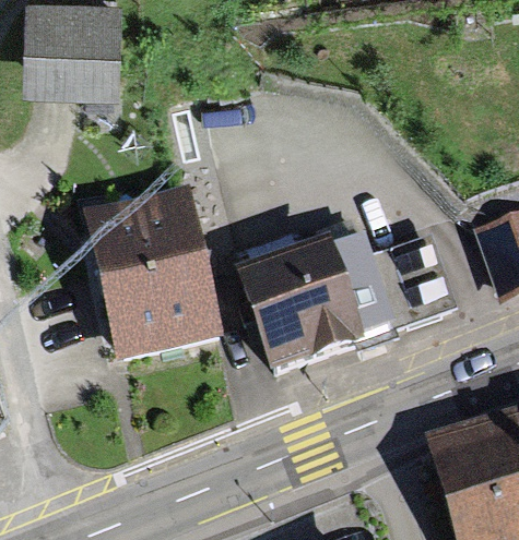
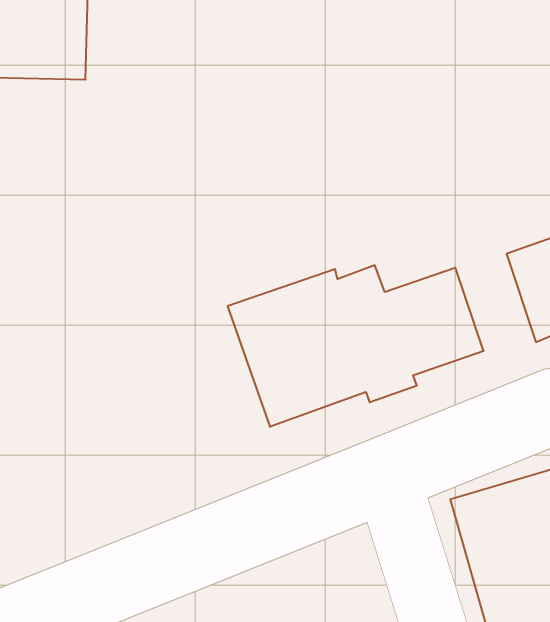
building: [84,190,222,360] -> none

